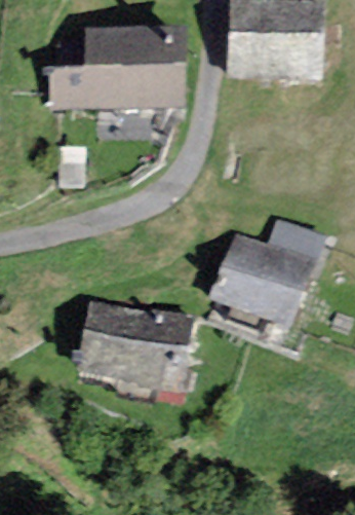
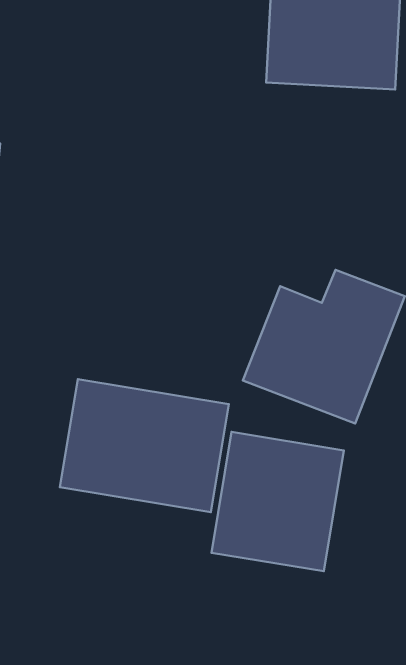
building: [49,28,186,108] -> none
building: none -> [211,432,344,571]

